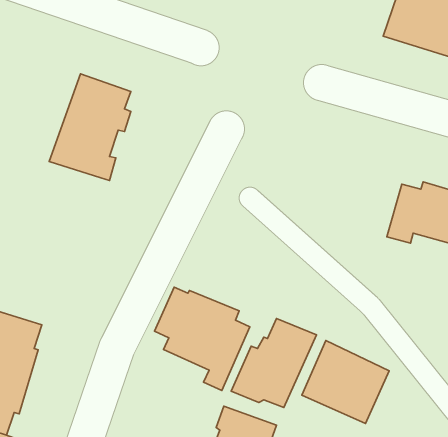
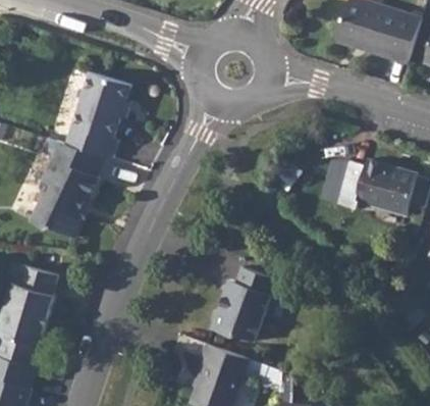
building: none -> [29,137,104,239]
building: [154,287,250,391] -> none
building: [302,341,389,423] -> none

